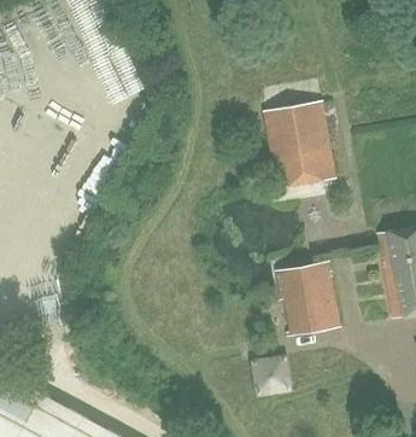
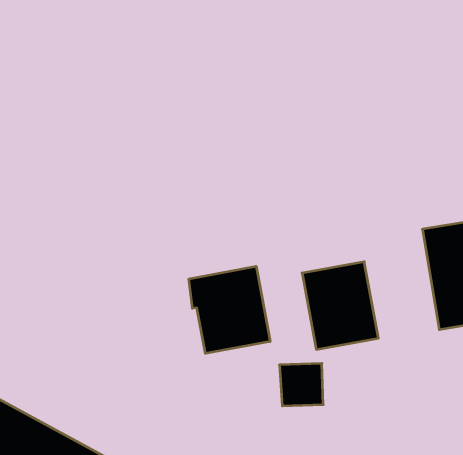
building: [263,101,334,186] -> none
building: none -> [189,266,270,353]

